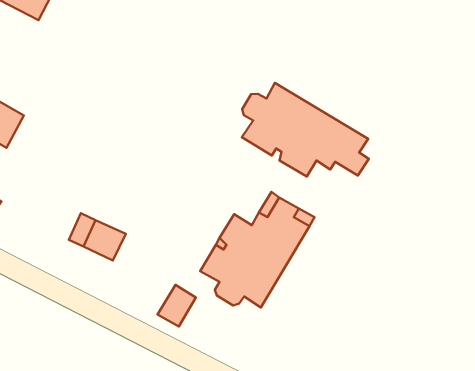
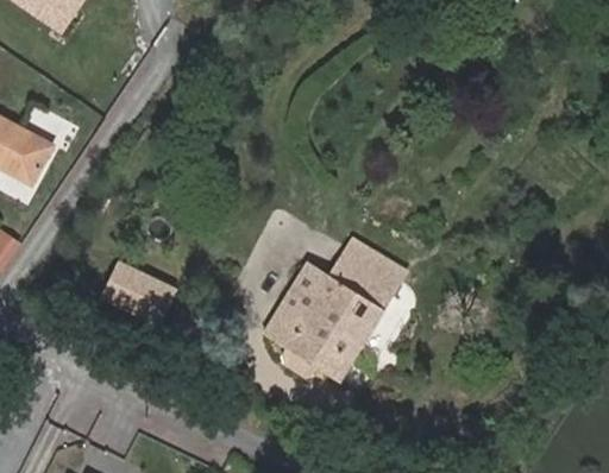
building: [242,83,369,176] -> none
building: [157,285,196,327] -> none

